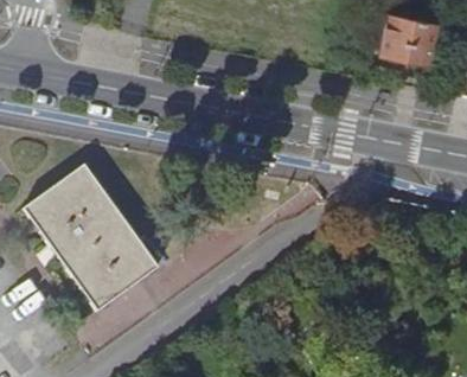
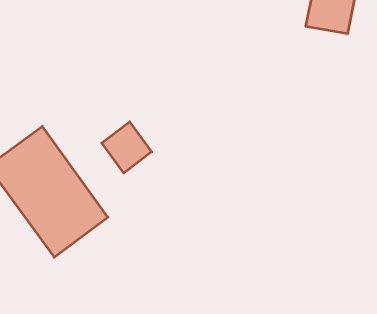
building: none -> [102,122,152,173]

